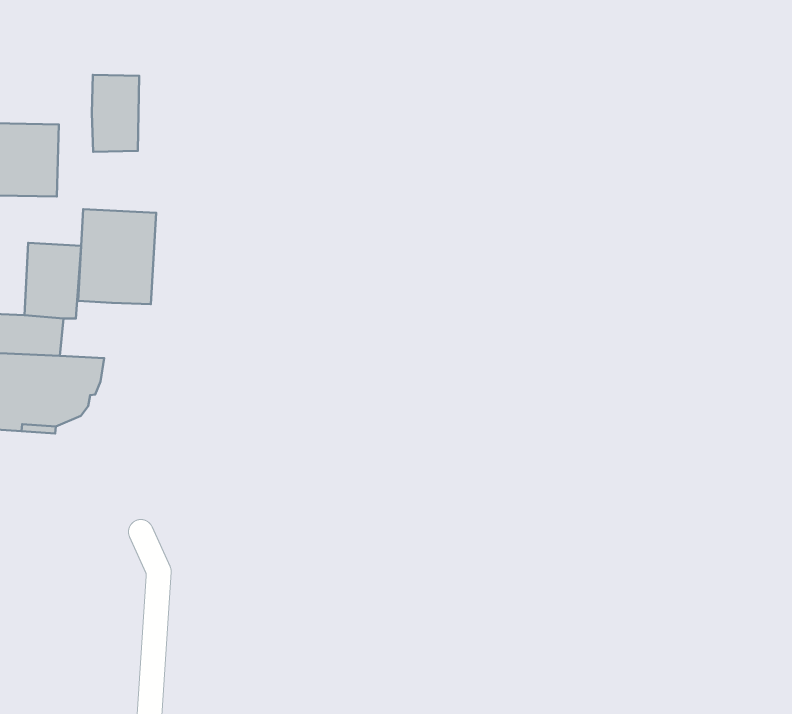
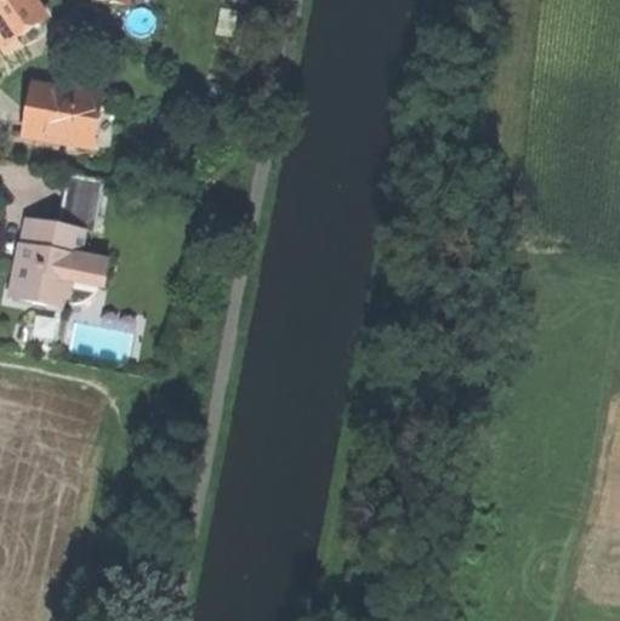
building: [92,75,139,152] -> none
building: [78,209,156,304] -> none

